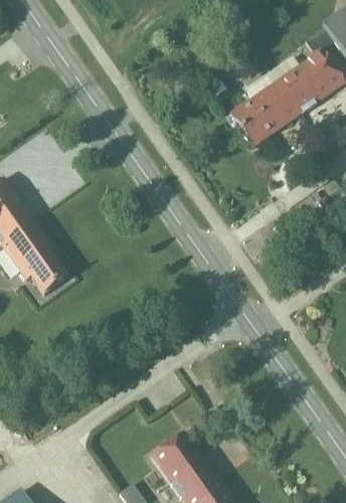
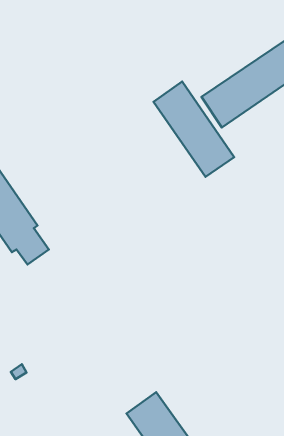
building: none -> [153,82,234,177]

